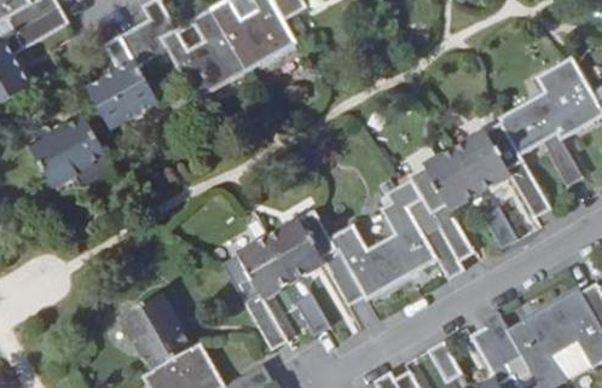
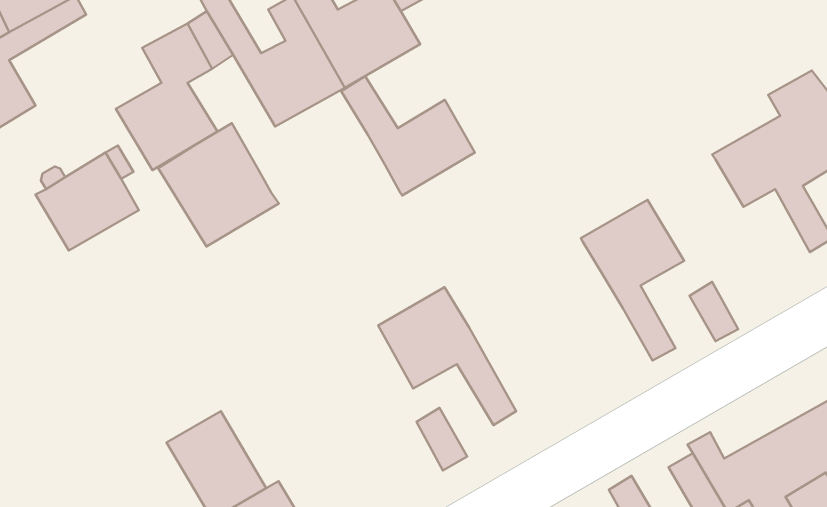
building: none -> [341,76,475,195]
building: none -> [158,123,279,246]
building: [455,122,551,218] -> none
building: [331,179,463,300] -> none
building: [221,237,293,351] -> none

